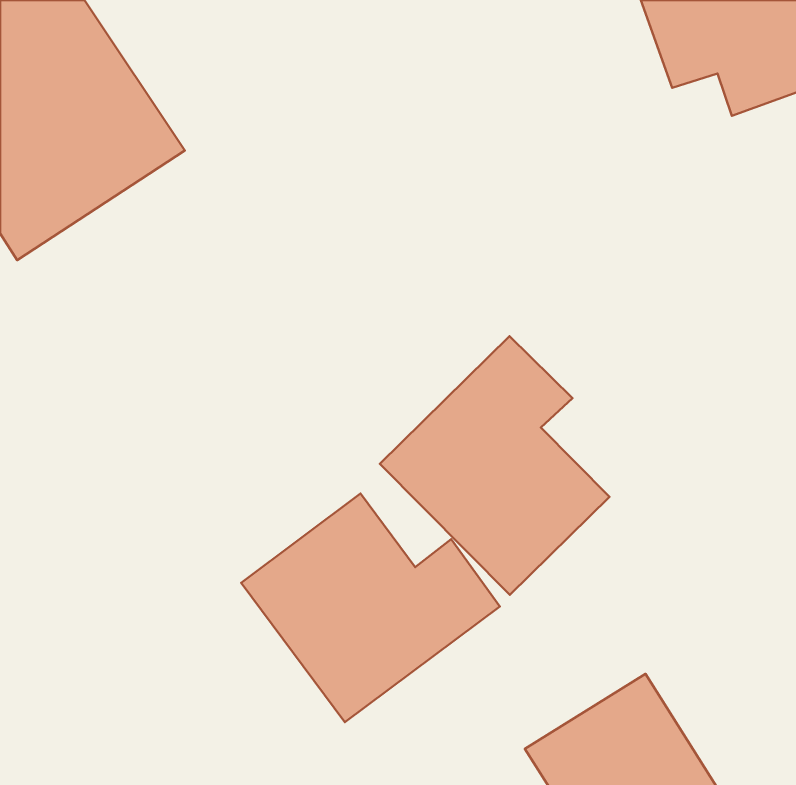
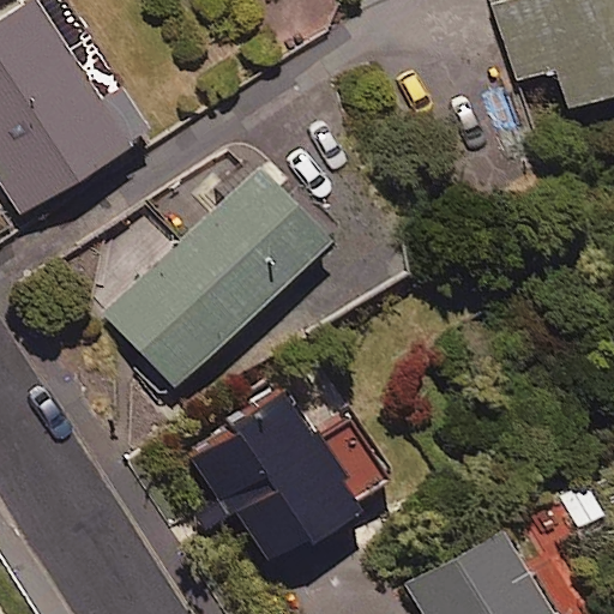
building: none -> [104,168,326,389]
building: [380,336,610,595] -> none

